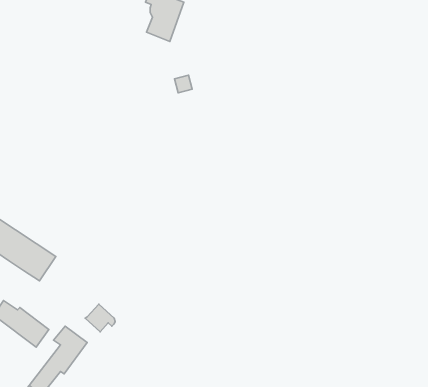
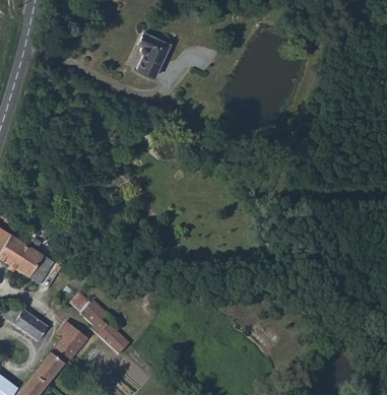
building: none -> [92,321,129,355]

